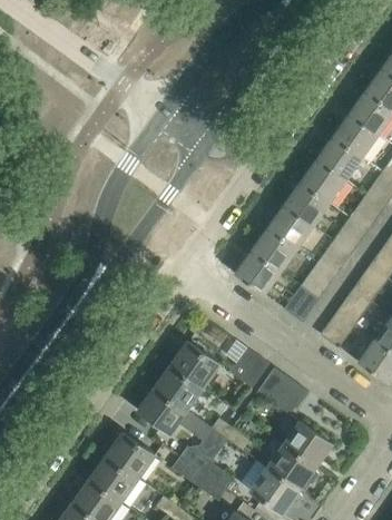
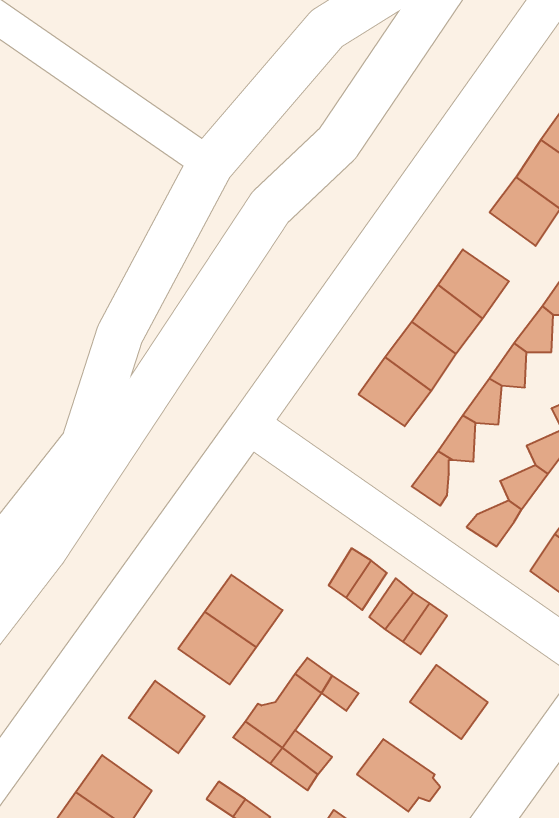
building: [317,136,363,179] -> none
building: [236,251,281,294] -> none
building: [172,341,220,386] -> none
building: [267,444,320,490] -> none
building: [90,454,138,500] -> none

